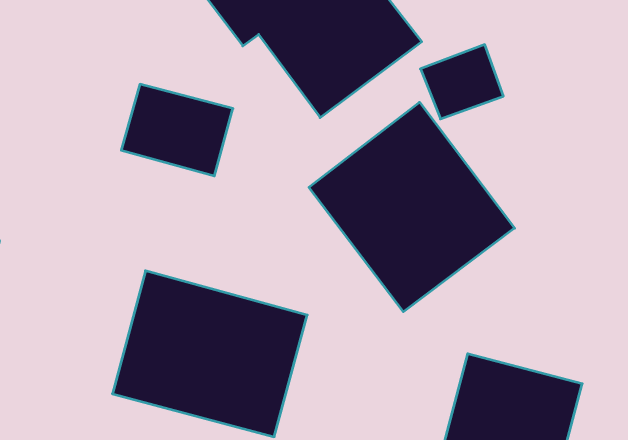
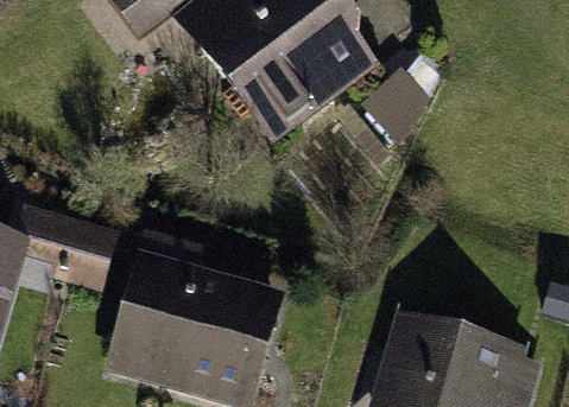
building: [121,84,233,176] -> [32,210,125,286]
building: [309,102,515,312] -> none

